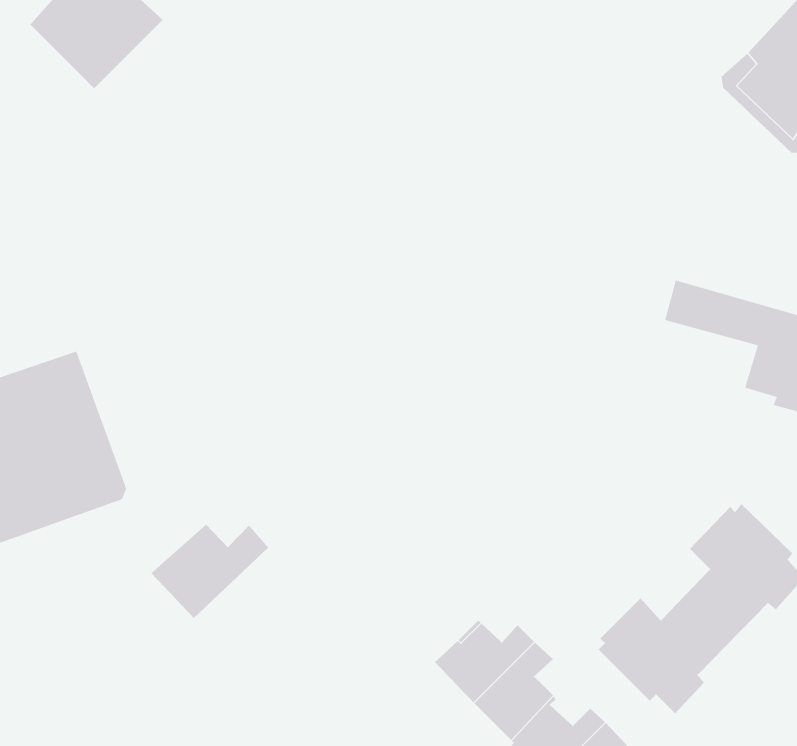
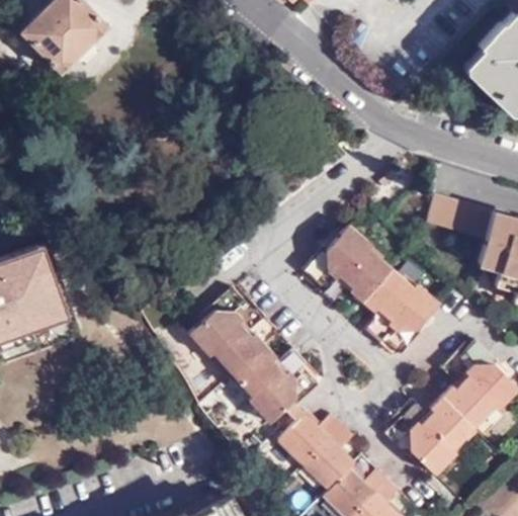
building: none -> [304,226,439,357]
building: none -> [188,288,323,424]
building: [150,524,269,619] -> none

